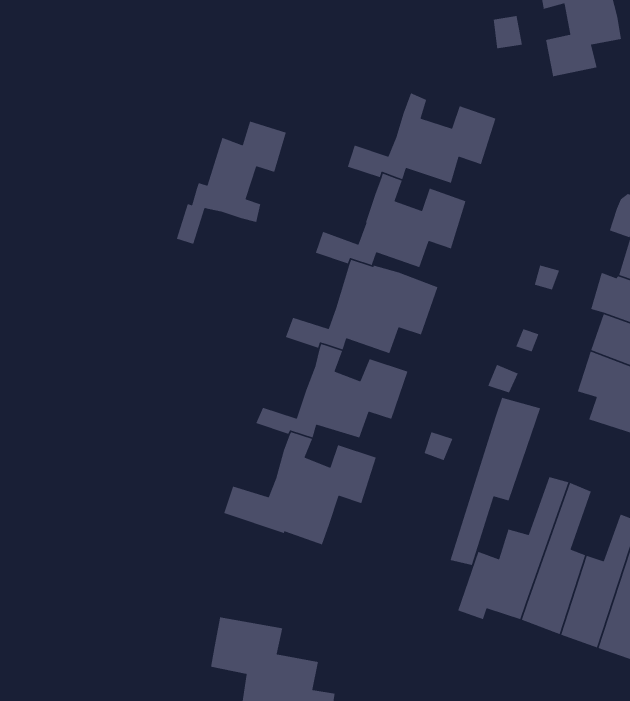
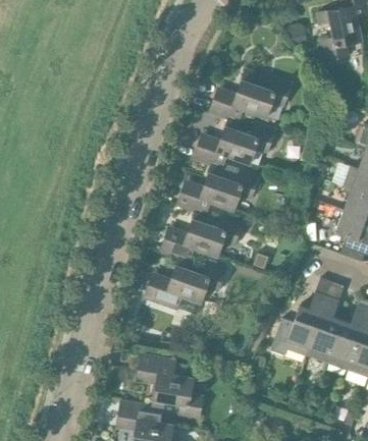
building: [176,120,287,245] -> none
building: [450,397,541,566] -> none

